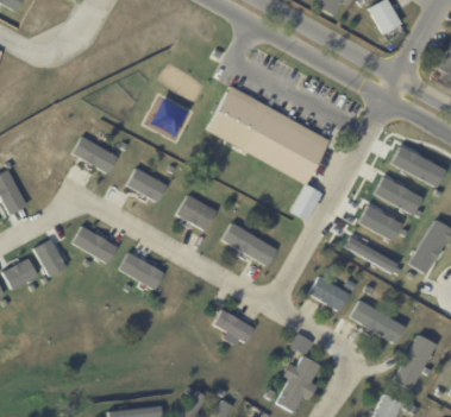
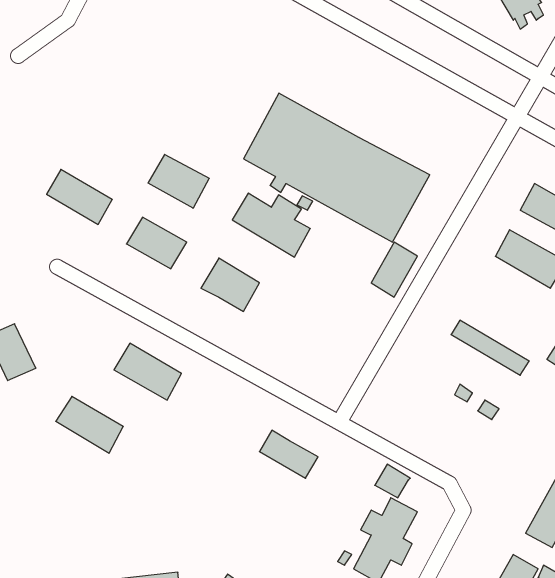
building: none -> [148,154,209,208]
building: [358,204,400,239] -> none
building: [221,221,274,264] -> [232,193,310,257]
building: [71,225,117,263] -> [56,396,123,453]
building: [311,276,351,310] -> none
building: [357,303,396,337] -> none

